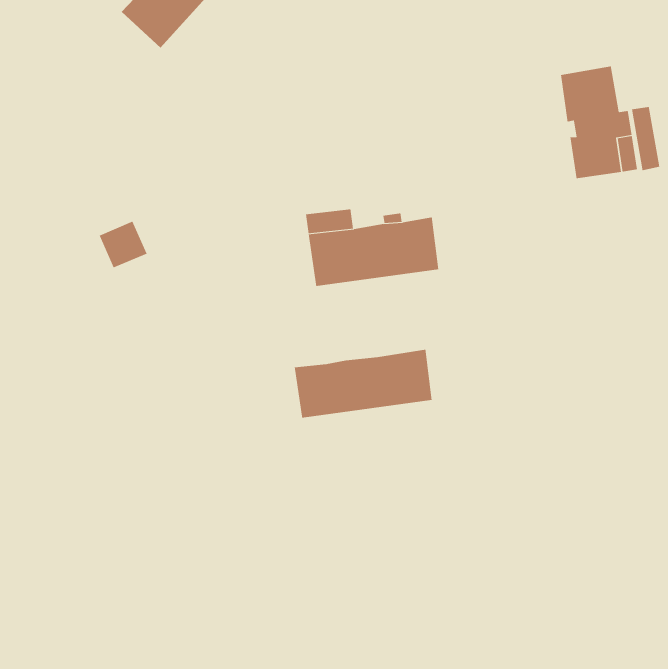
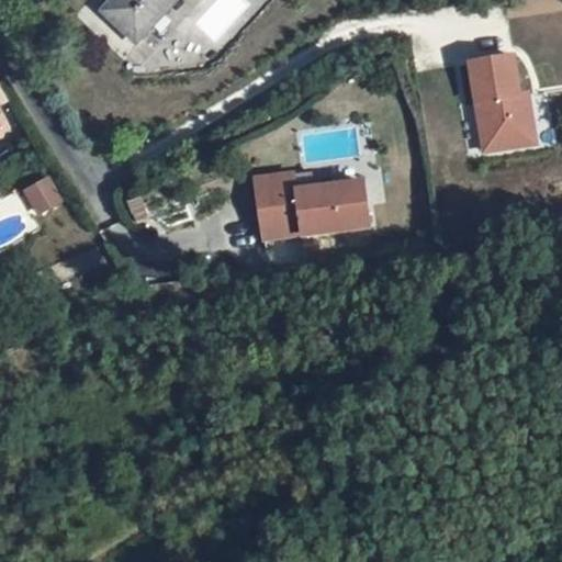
building: [99,221,147,268] -> [19,176,59,215]
building: [294,349,432,418] -> none

